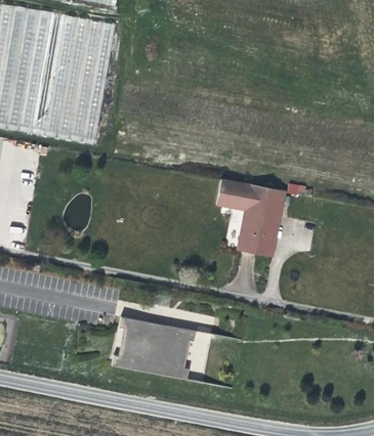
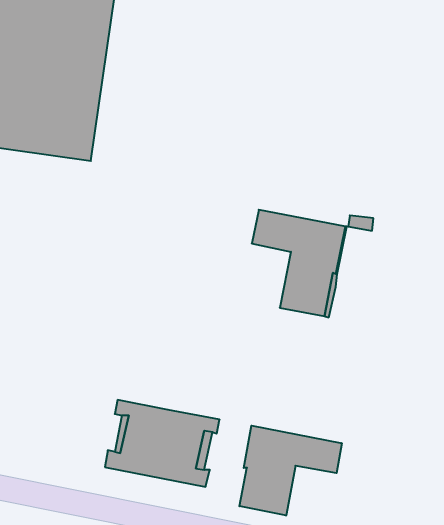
building: none -> [239,426,342,516]

